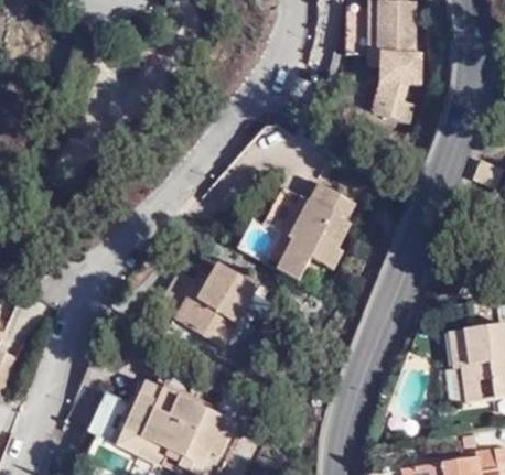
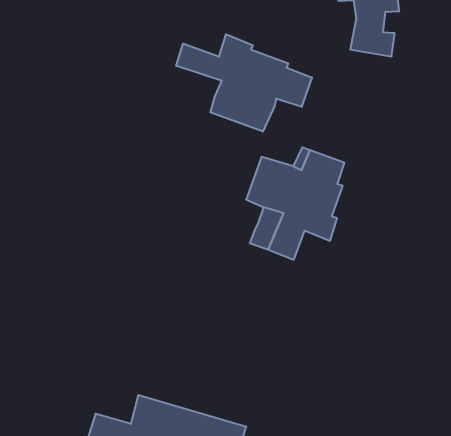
building: none -> [176,34,312,132]
building: [158,266,256,346] -> none

